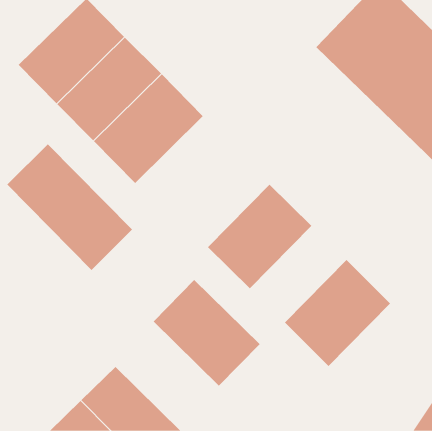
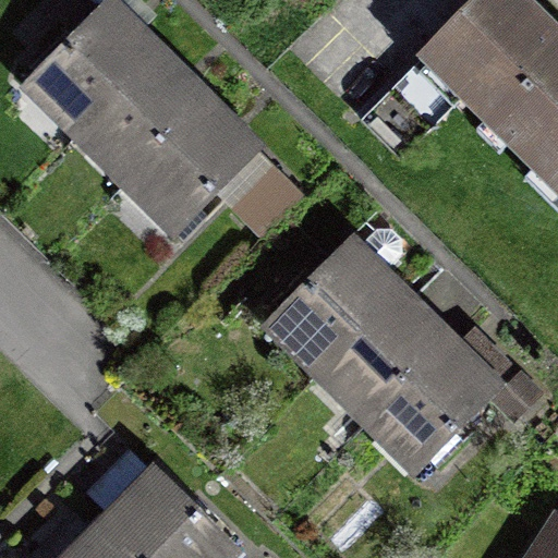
building: [6,143,133,271] -> none
building: none -> [325,288,448,411]
building: [153,279,260,387] -> none

